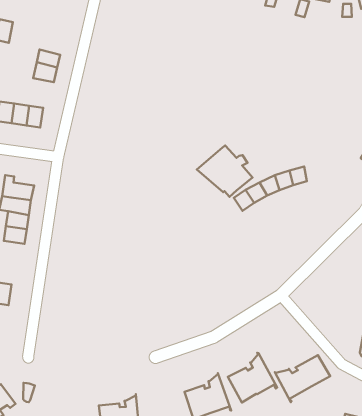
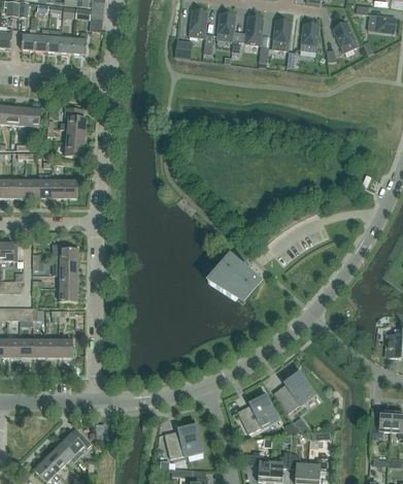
building: none -> [60,106,87,131]
building: [197,145,252,197] -> [209,257,259,301]
building: [275,355,330,402] -> none

